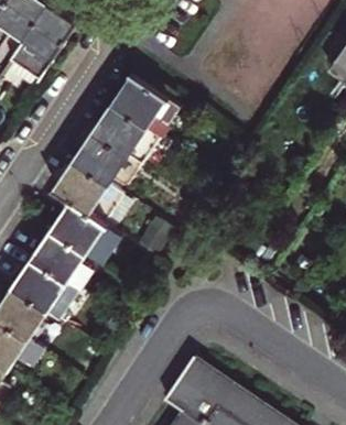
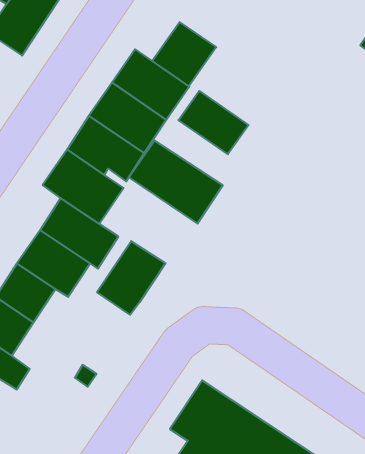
building: none -> [152,22,216,86]
building: none -> [178,91,249,154]
building: none -> [129,140,223,224]
building: none -> [97,241,166,315]

